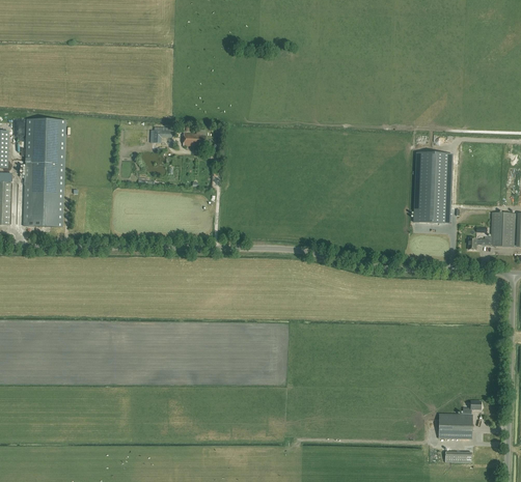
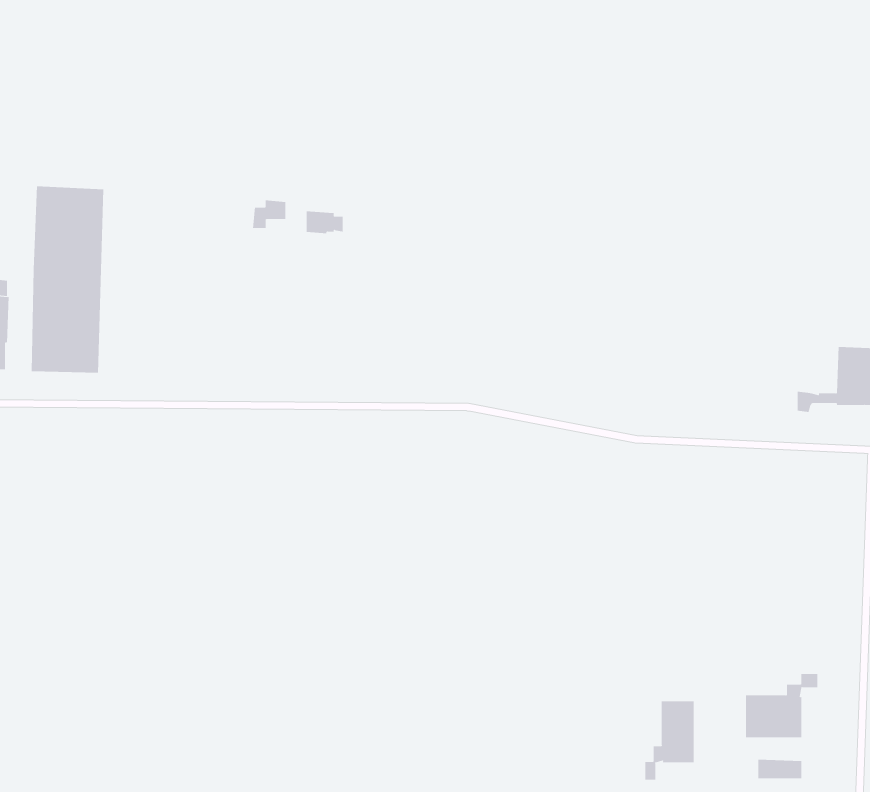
building: [412,152,450,223] -> none
building: none -> [645,701,694,781]

